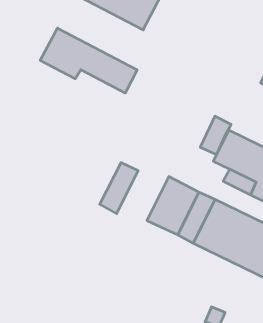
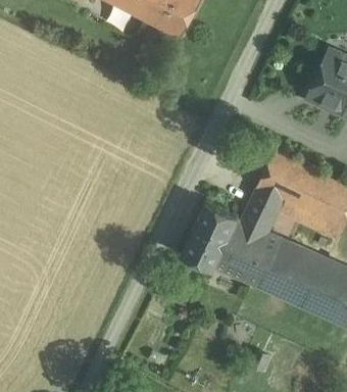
building: [40,28,137,93] -> none
building: [200,116,231,155] -> [241,185,276,228]
building: [100,163,138,214] -> none

